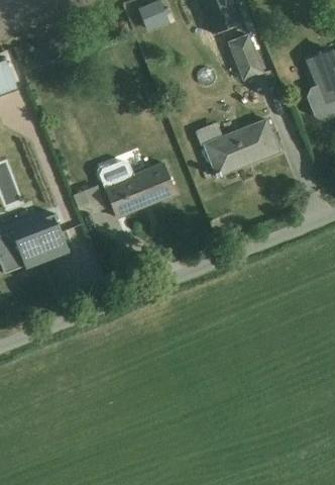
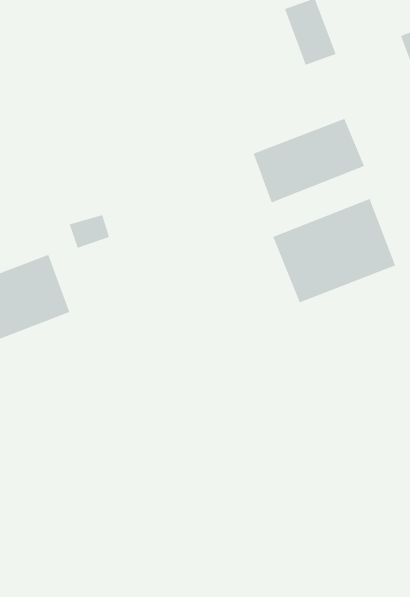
building: [96,139,180,217] -> none
building: none -> [272,198,396,303]

